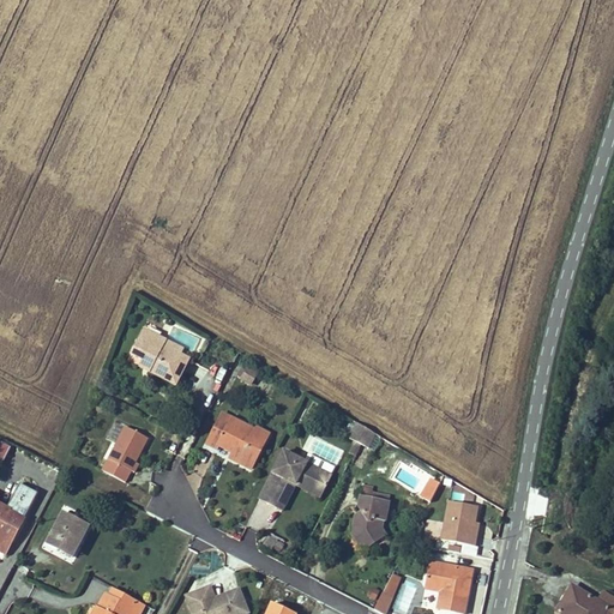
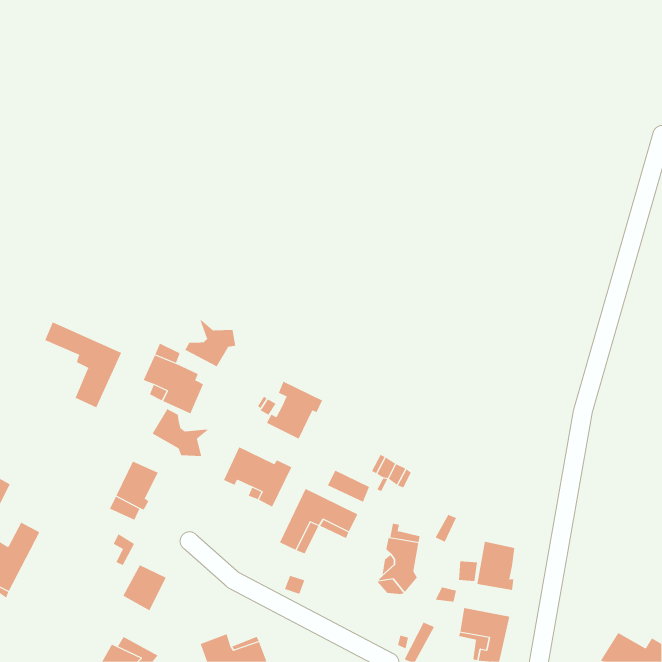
building: none -> [184,317,236,367]
building: none -> [44,321,122,408]
building: none -> [266,381,323,440]
building: none -> [152,408,210,457]
building: [47,513,88,556] -> [123,565,167,611]

